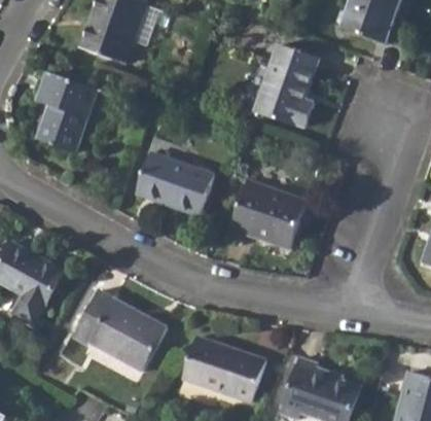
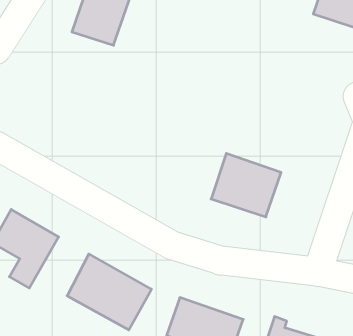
building: [253,43,318,127] -> none
building: [37,72,97,152] -> none
building: [137,152,214,216] -> none

